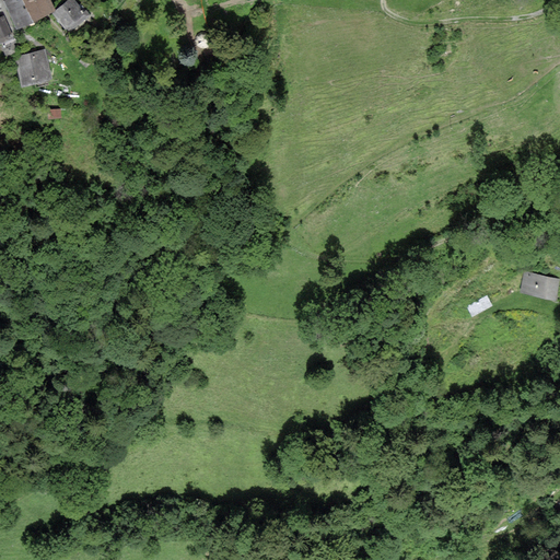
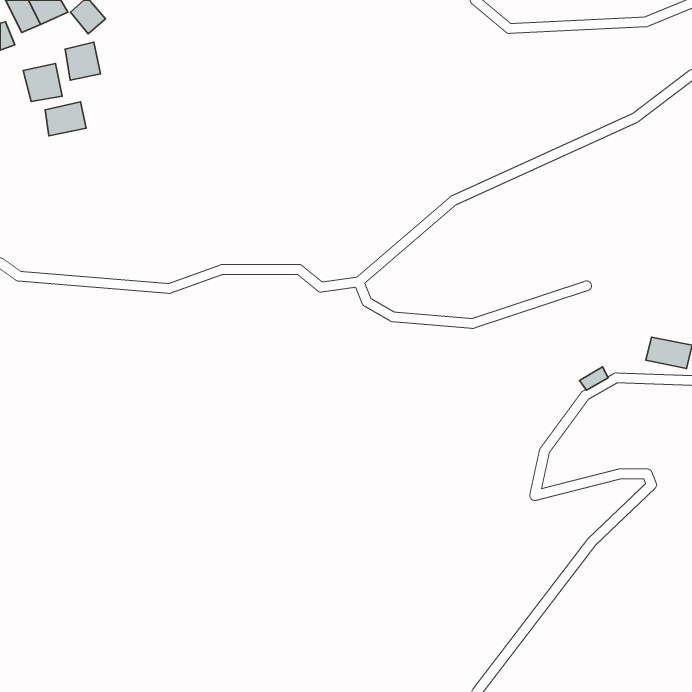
building: none -> [65,42,101,80]
building: none -> [45,102,86,136]

